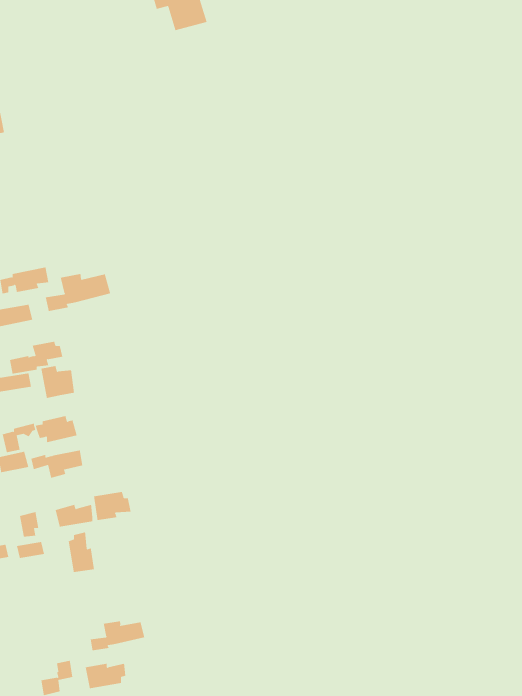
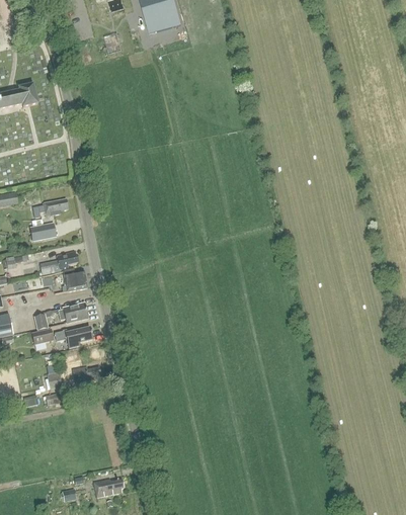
building: [45,273,111,312] -> none
building: [93,491,131,521] -> none
building: [68,532,95,573] -> none
building: [90,620,145,651] -> none

